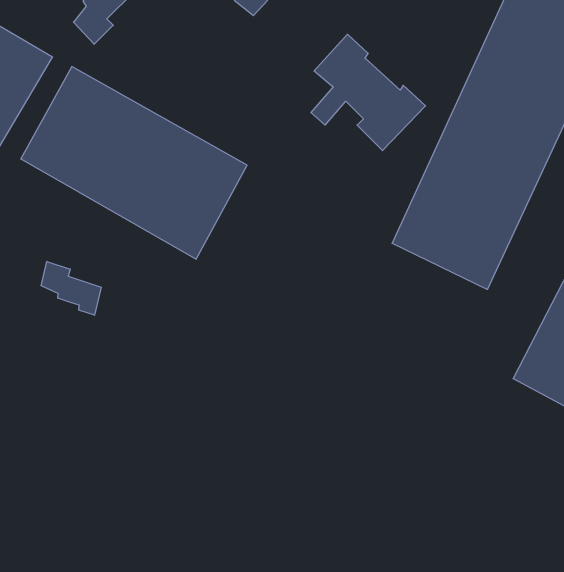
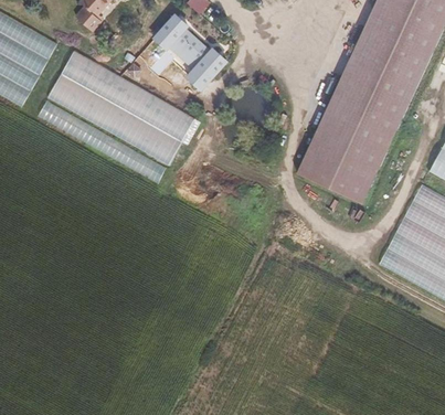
building: [311,34,426,151] -> [149,12,229,93]
building: [41,261,101,315] -> none

